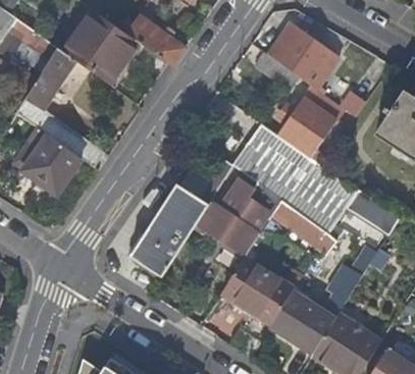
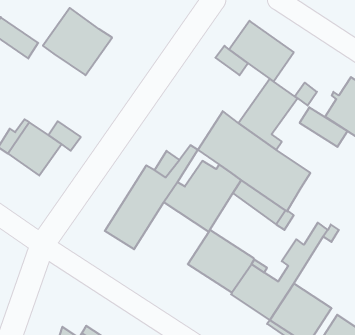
building: [124,14,186,65] -> none
building: [24,48,74,110] -> none
building: [348,191,401,234] -> [300,107,348,147]

